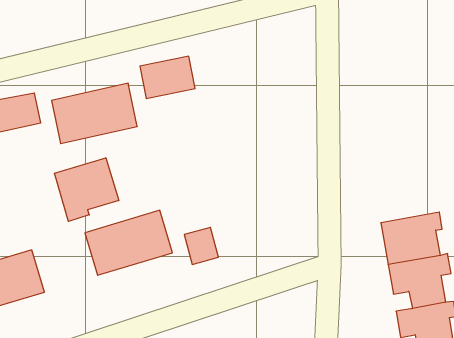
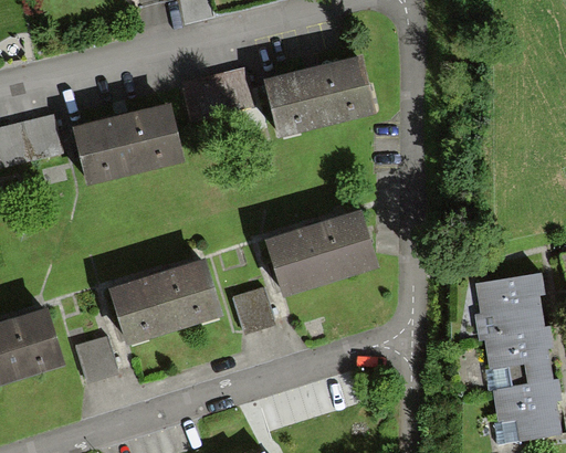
building: none -> [263,60,369,133]
building: [55,158,119,221] -> none
building: none -> [265,214,374,294]
building: none -> [76,333,118,378]

